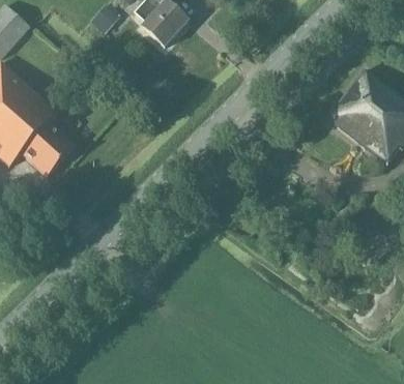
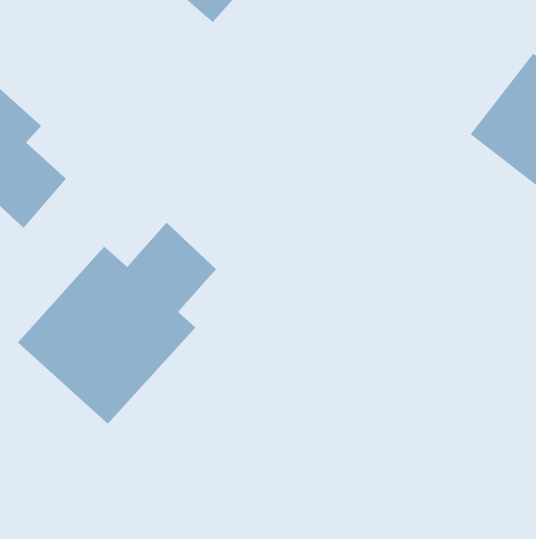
building: none -> [17,222,217,424]

